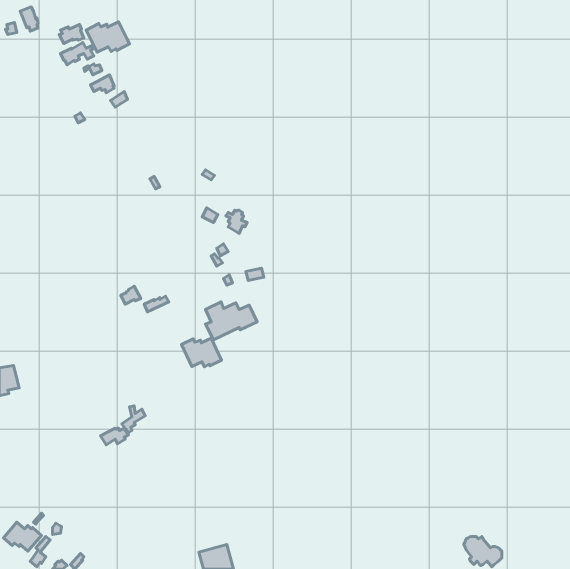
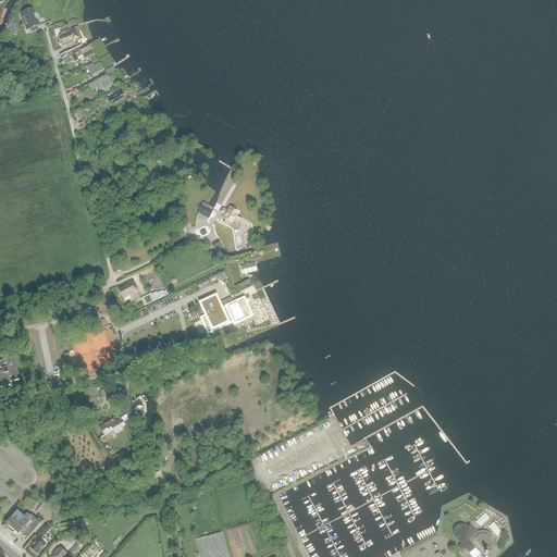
building: [86,22,129,52] -> none
building: [181,338,222,367] -> none

